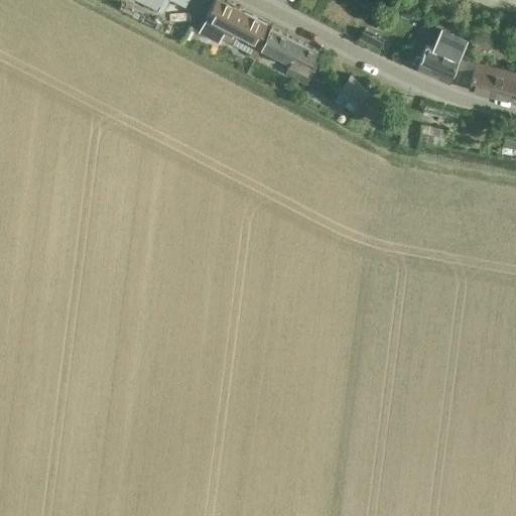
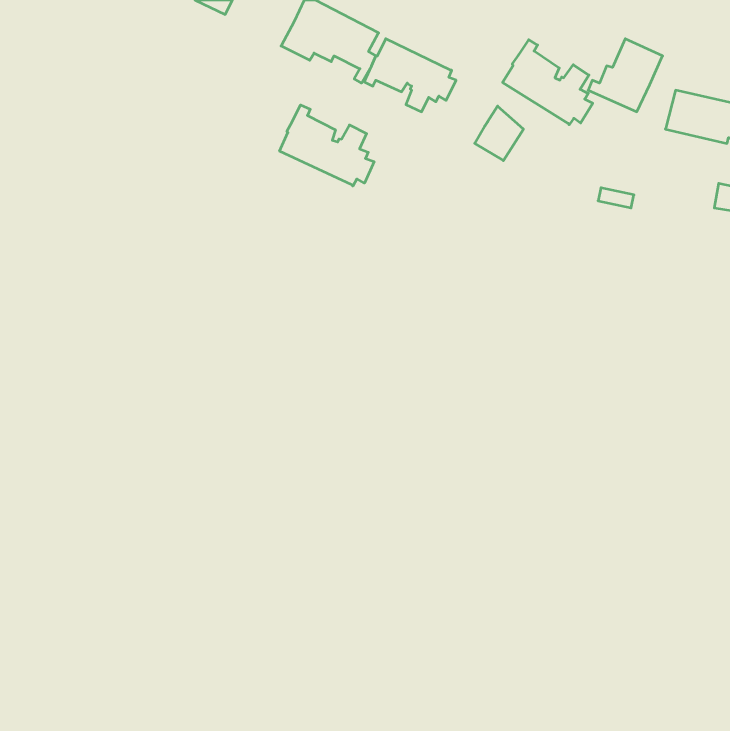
building: none -> [503,40,593,125]
building: none -> [280,105,374,186]

